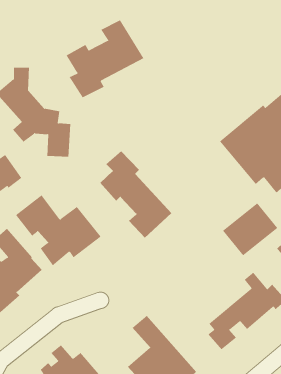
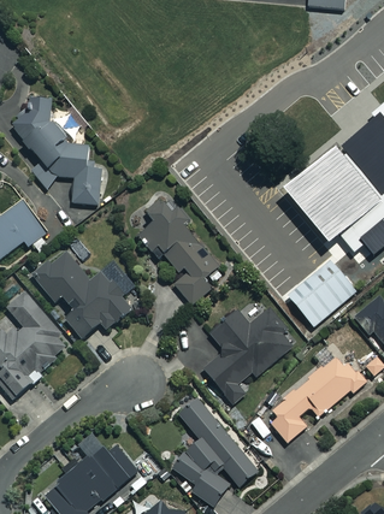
building: [66,20,144,98] -> none
building: none -> [203,306,293,404]

